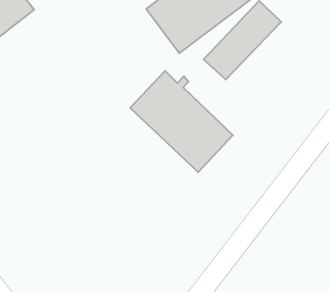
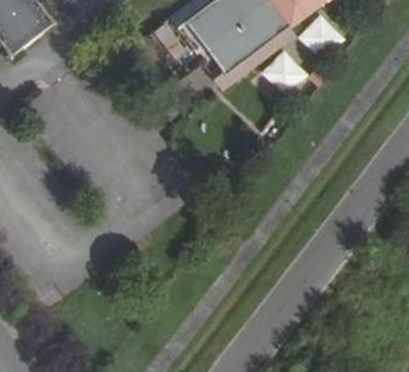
building: [130,71,233,172] -> none

